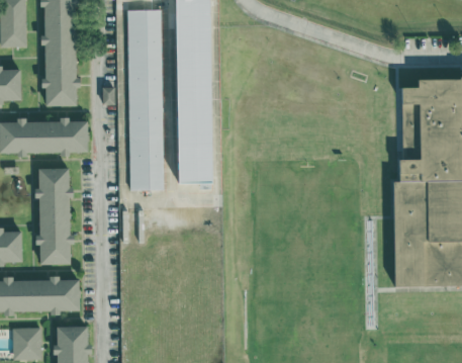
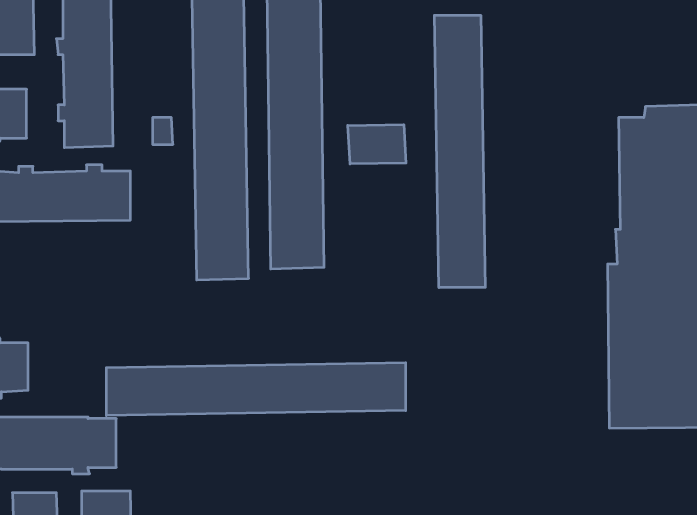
building: none -> [434,15,485,288]
building: none -> [348,125,406,164]
building: [34,168,74,265] -> none
building: none -> [106,363,406,416]

